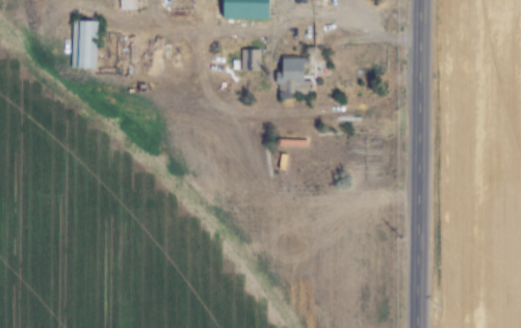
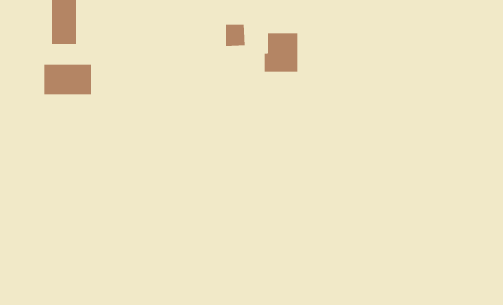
building: none -> [44,64,91,95]

